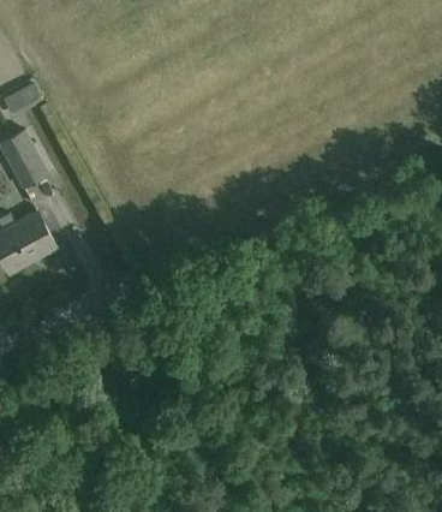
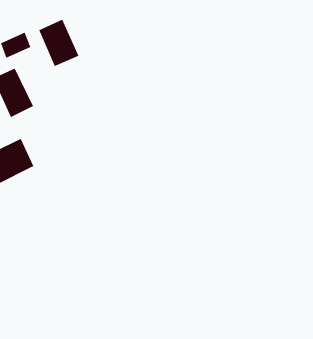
building: none -> [38,19,79,67]

